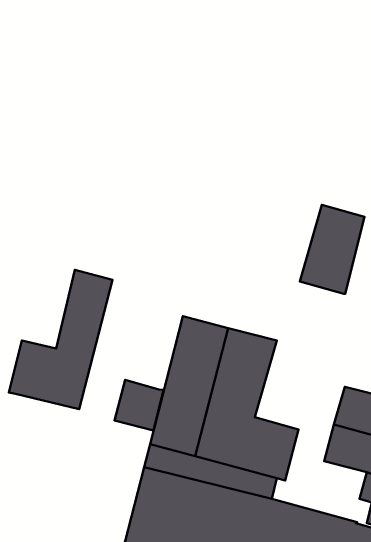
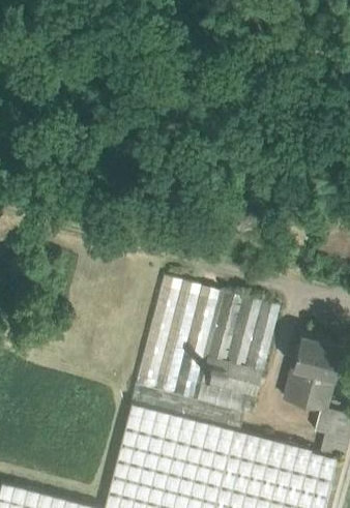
building: [300,205,364,294] -> [226,298,281,373]
building: [9,270,112,409] -> none
building: [115,380,164,430] -> none

